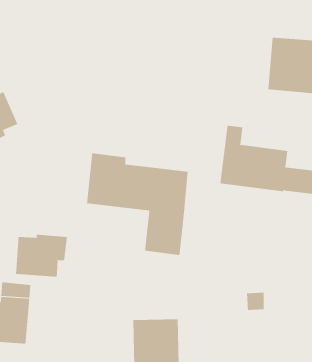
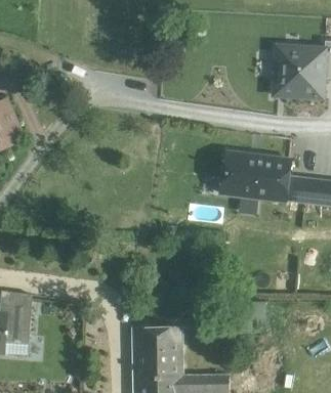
building: [86,152,188,256] -> none
building: [15,234,68,278] -> none

